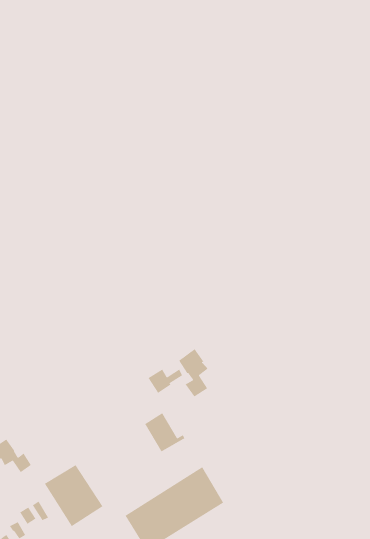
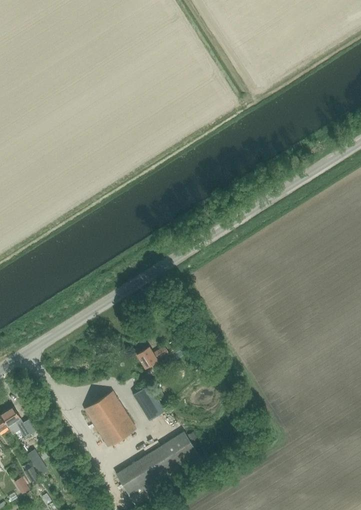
building: [178,348,208,397] -> none
building: [44,464,103,527] -> [84,391,136,446]

